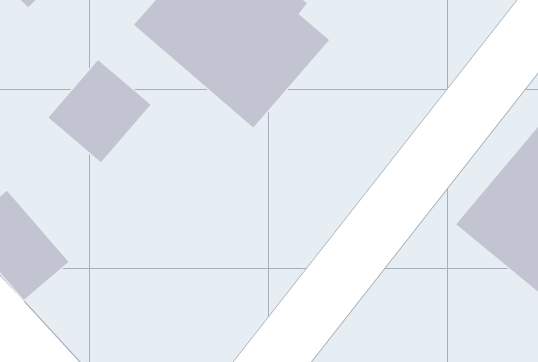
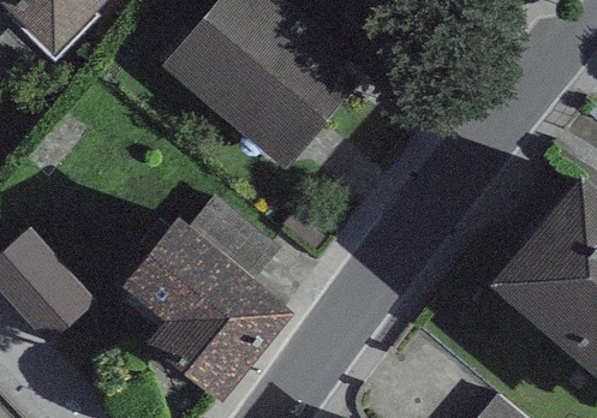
building: [47,59,152,163] -> none
building: none -> [121,214,294,396]

